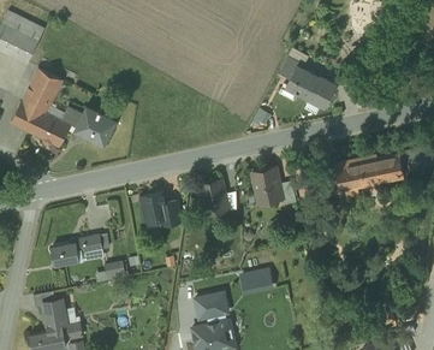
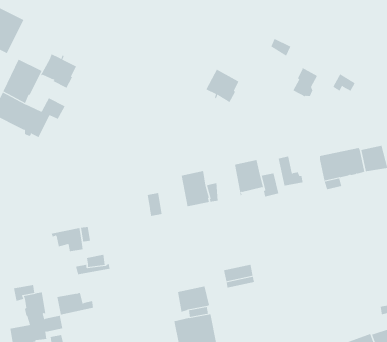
building: [286,65,320,99] -> [206,69,240,103]
building: [77,108,114,143] -> [40,53,78,89]
building: [141,191,168,220] -> none
building: [52,243,89,266] -> [56,292,94,315]

